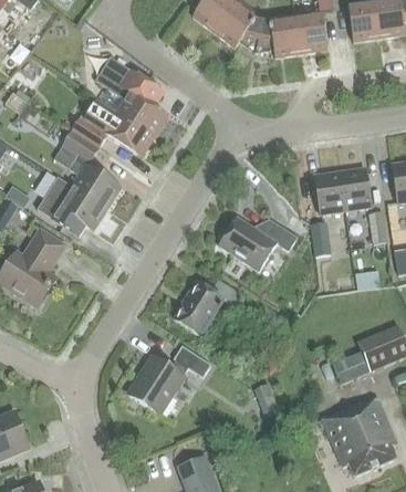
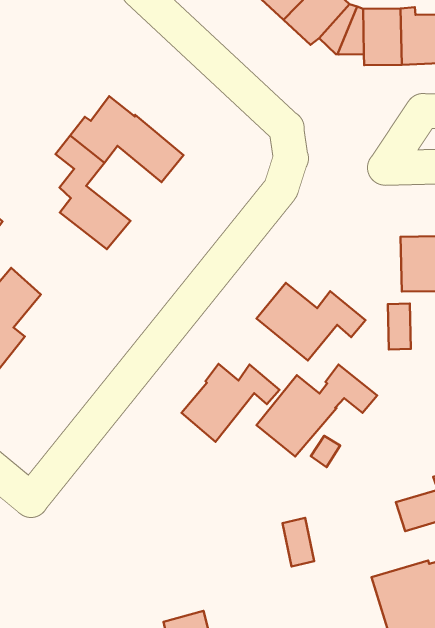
building: [95,56,167,135] -> none
building: [37,177,107,229] -> none
building: [128,344,211,412] -> [257,365,377,456]

